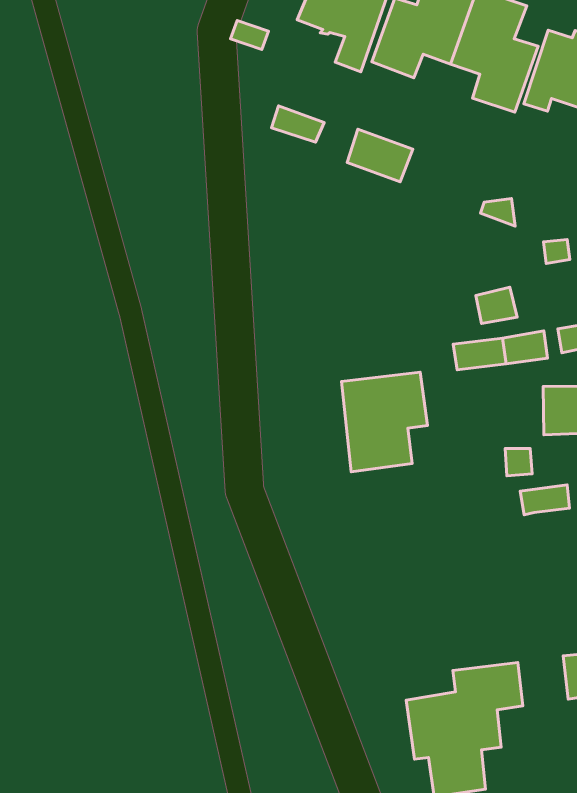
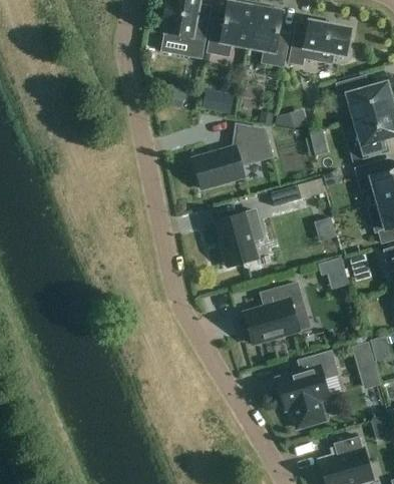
building: none -> [193,124,273,187]
building: none -> [245,282,304,342]

